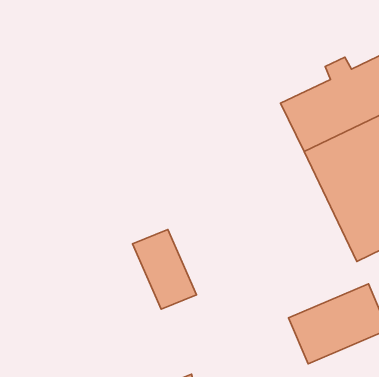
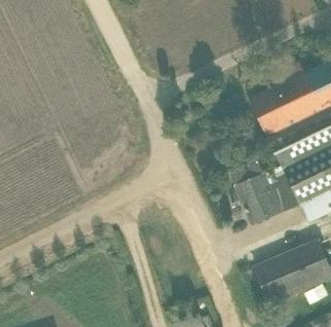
building: [132,229,197,309] -> [230,160,281,223]

